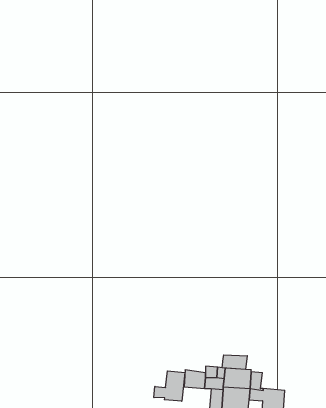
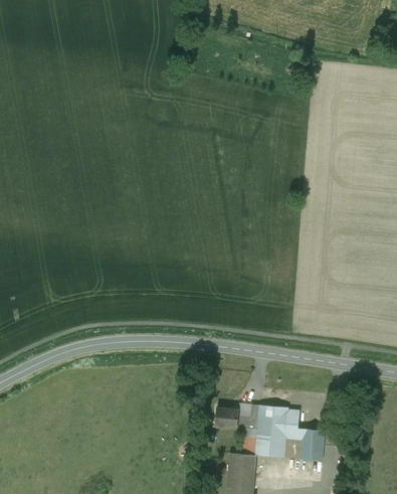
building: [222,355,247,369] -> none
building: [154,371,185,401] -> none

